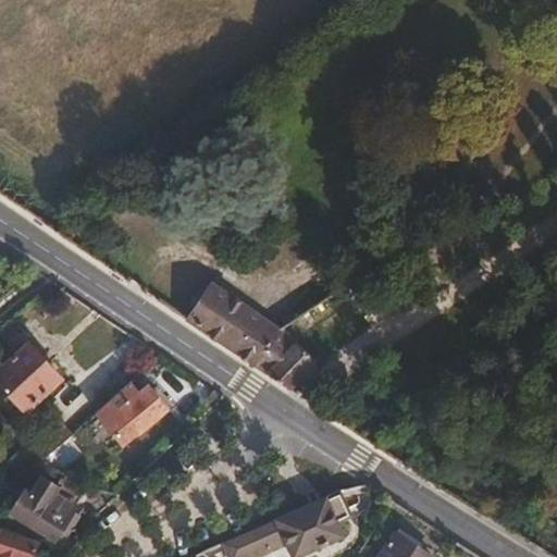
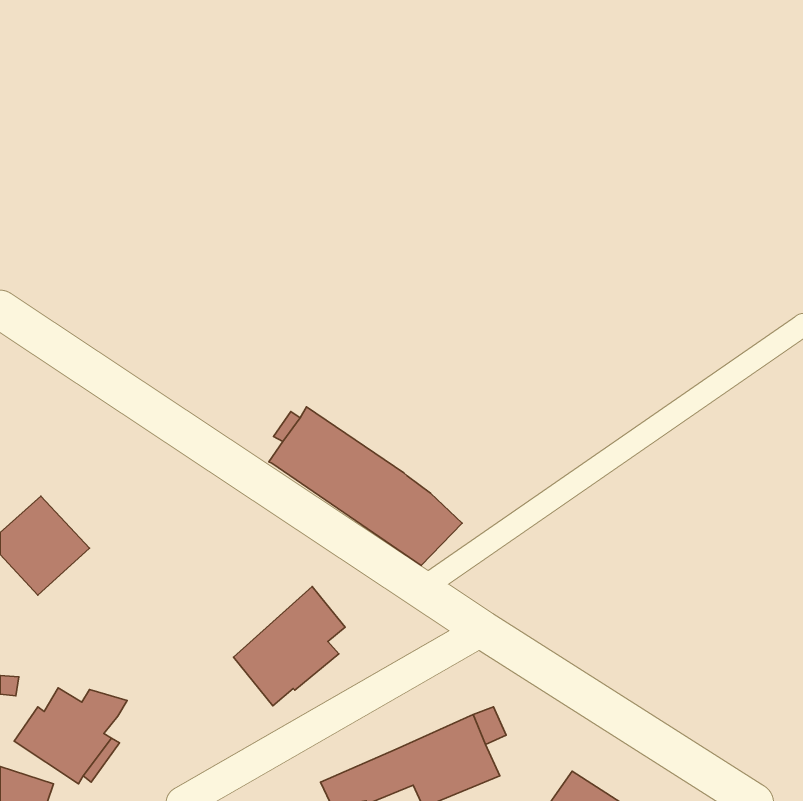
building: [96,364,173,447] -> [234,586,345,706]

